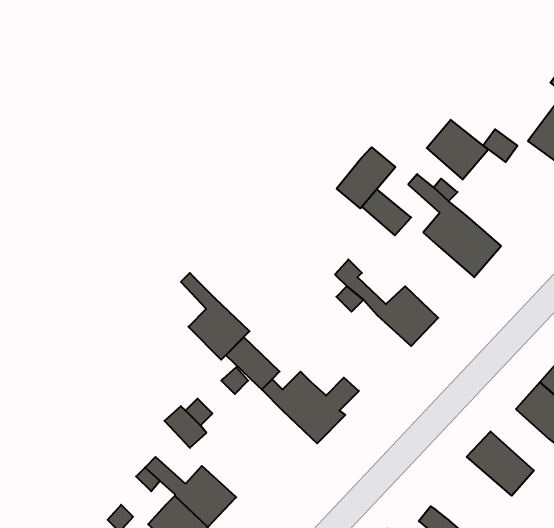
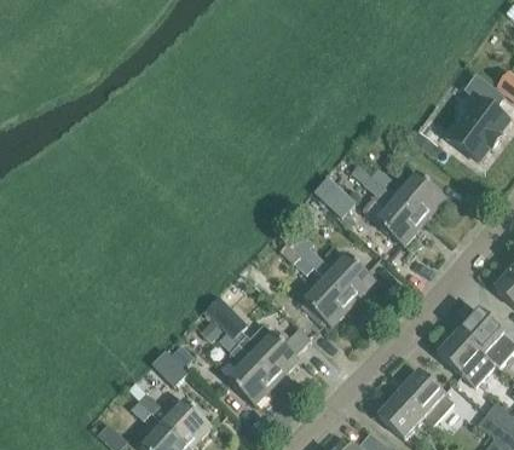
building: [427,120,488,180] -> [397,173,446,221]
building: [337,147,395,208] -> none
building: [181,273,250,360] -> [221,334,277,404]
building: none -> [302,277,353,327]
building: none -> [379,392,434,437]

